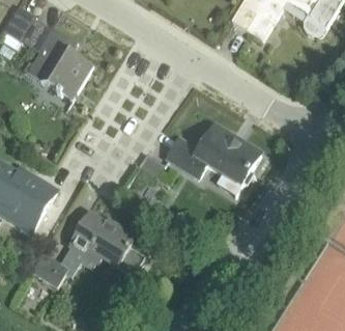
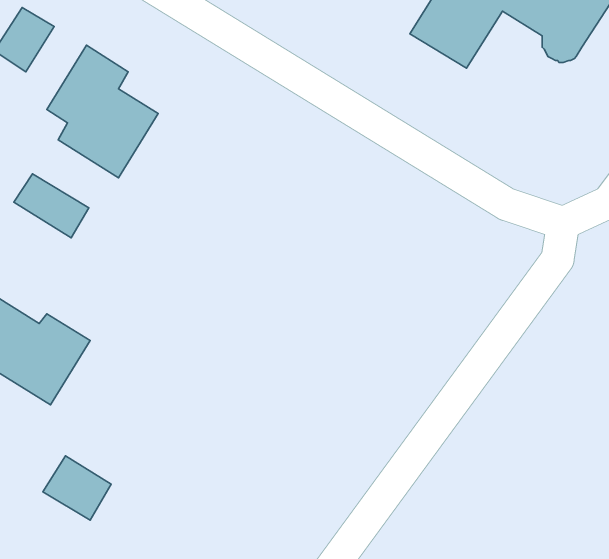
building: none -> [14,174,89,238]
building: [166,126,259,185] -> none
building: [69,214,144,277] -> none

